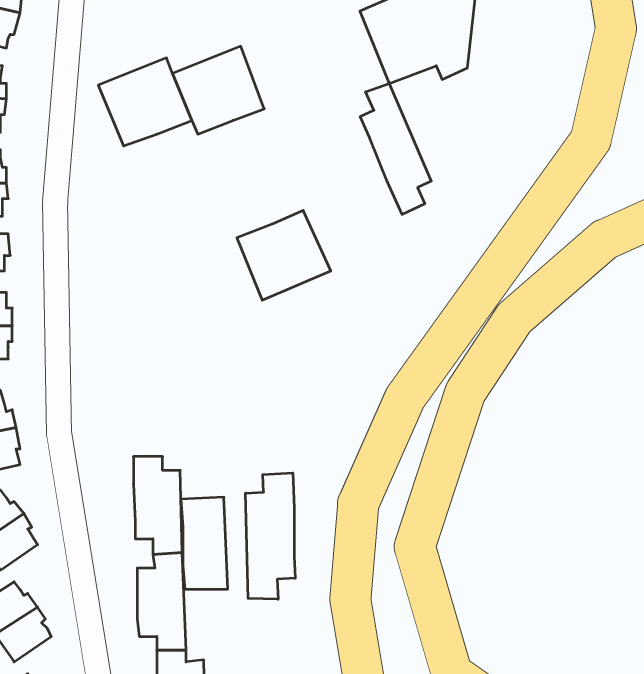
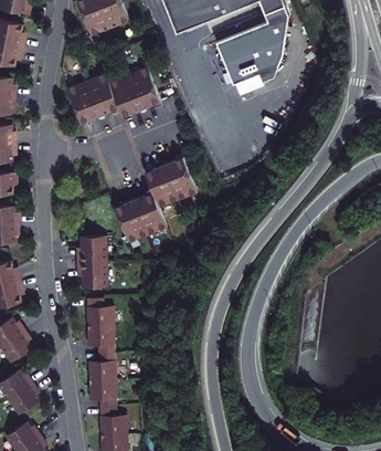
building: [360,83,431,214] -> none
building: none -> [115,192,168,244]
building: [246,473,295,599] -> none
building: [181,497,228,589] -> [81,235,107,287]

